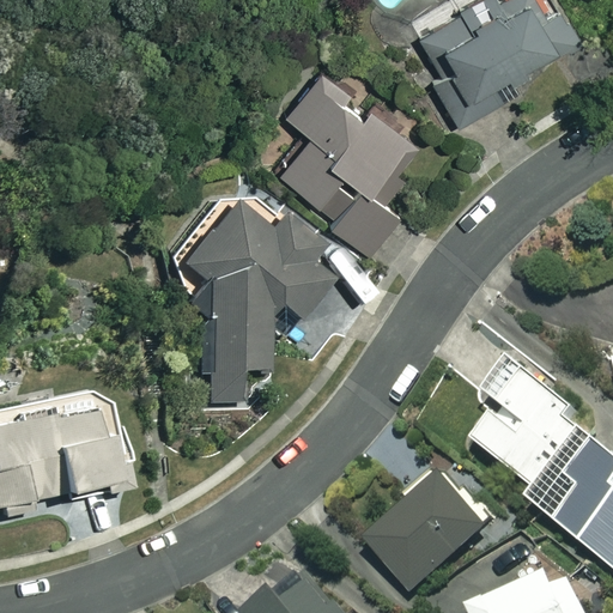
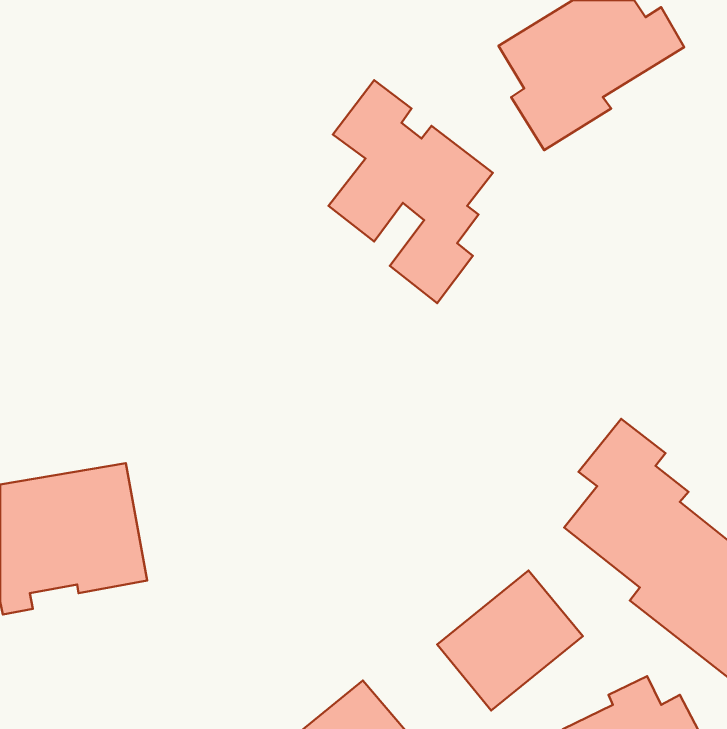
building: [182,201,332,403] -> none

